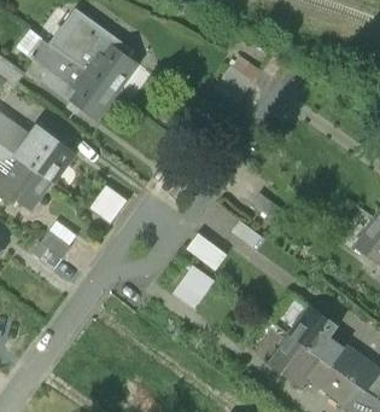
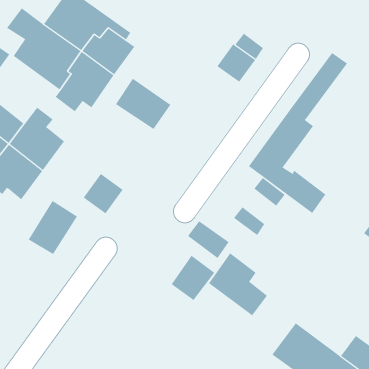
building: none -> [248,52,348,214]
building: none -> [115,78,171,130]
building: [291,303,347,364] -> [208,252,268,316]

